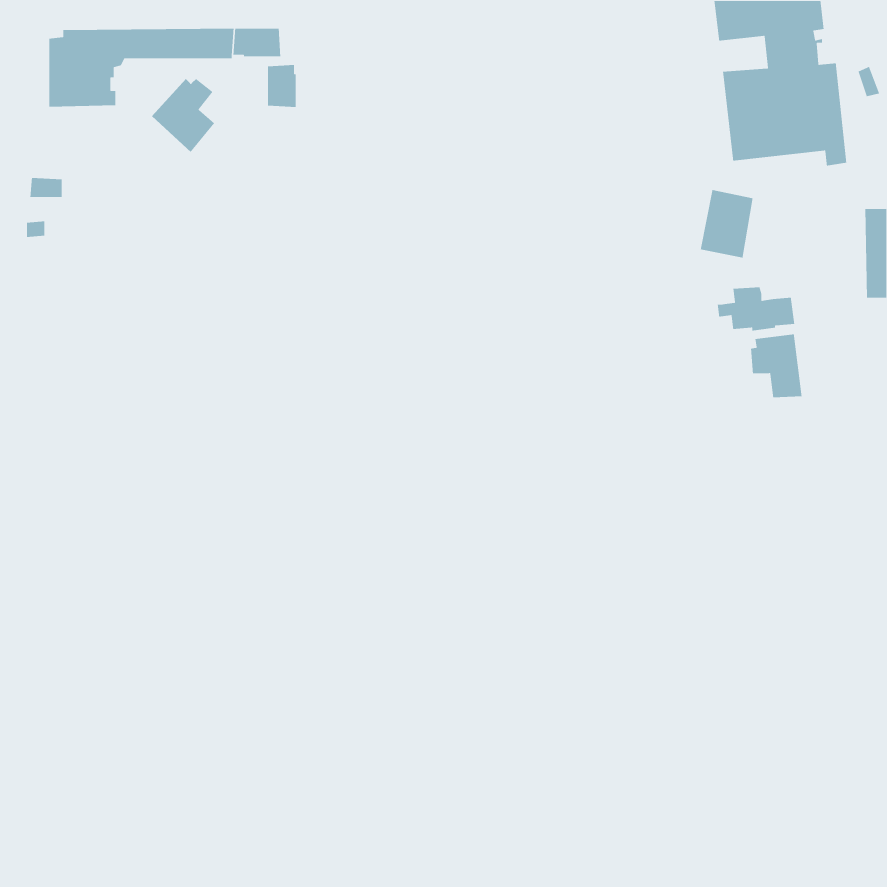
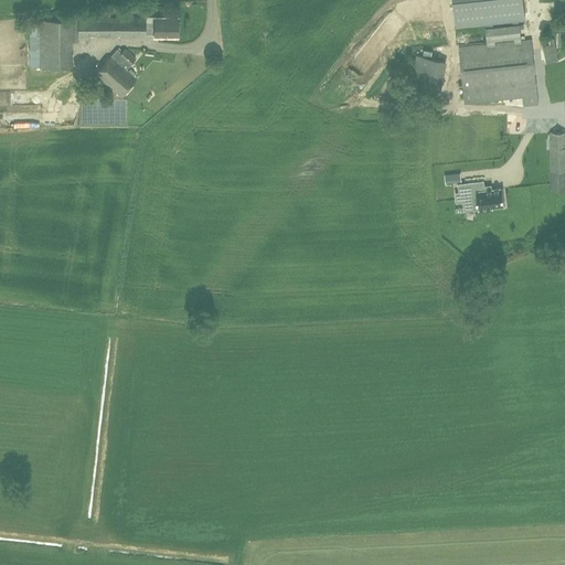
building: [267,64,297,108] -> none
building: [700,189,754,259] -> [409,54,444,98]
building: [750,333,803,398] -> none

